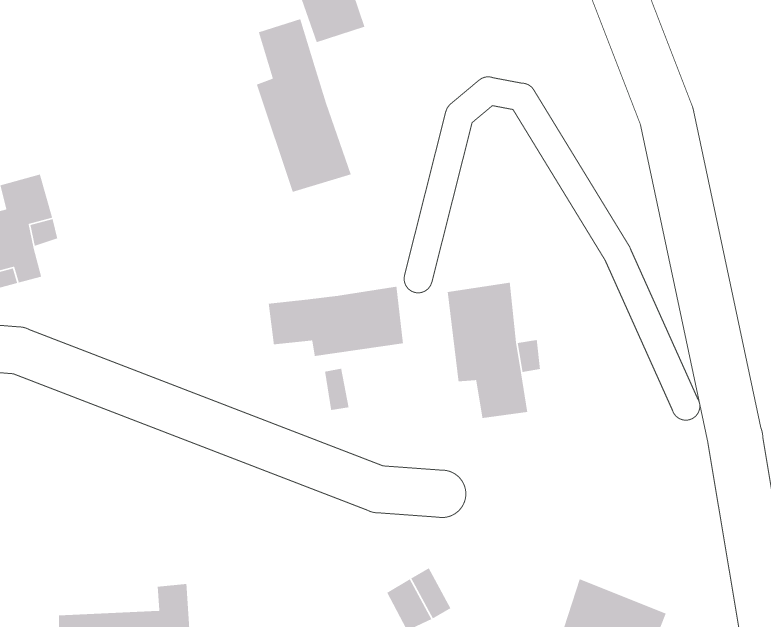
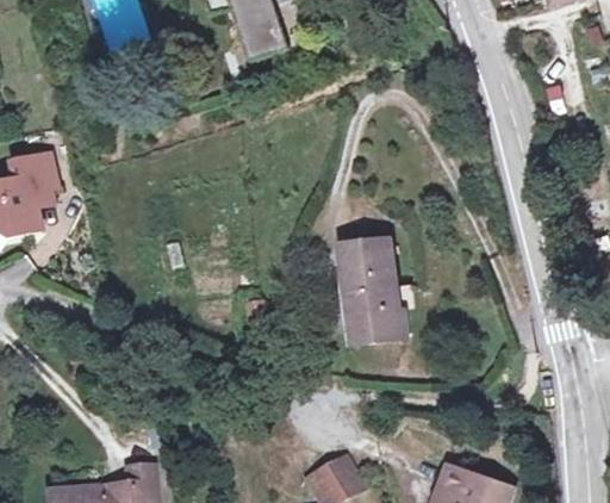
building: [256,18,352,193] -> none
building: [268,286,404,357] -> none

